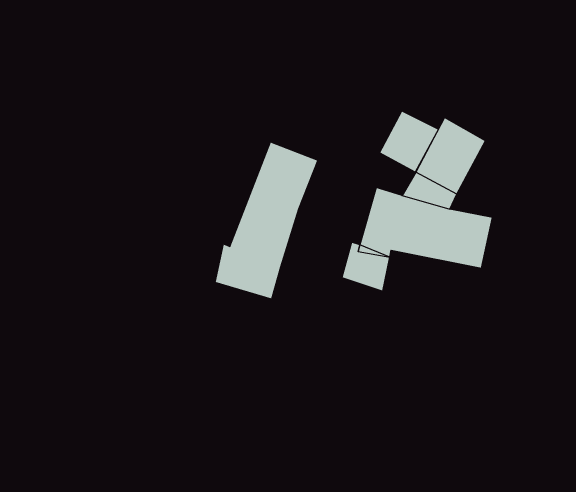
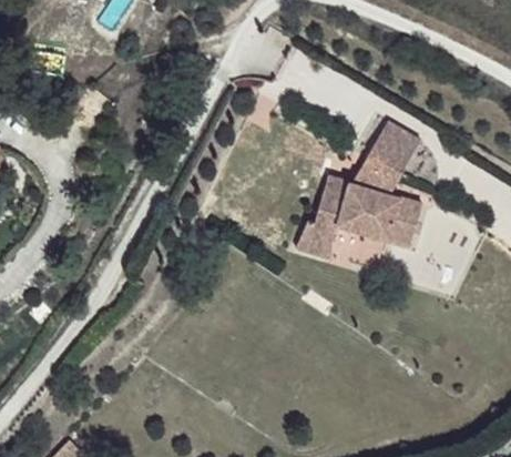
building: [379,111,438,172] -> none
building: [215,142,318,299] -> none

